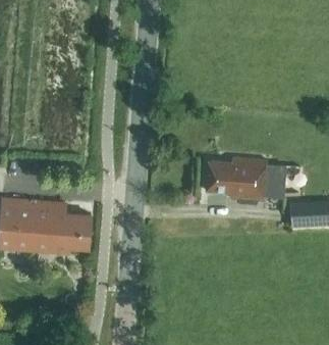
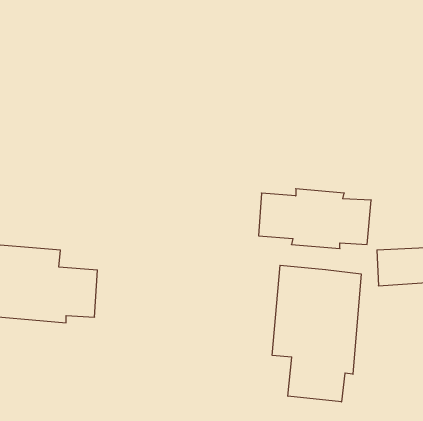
building: none -> [272,265,361,402]

